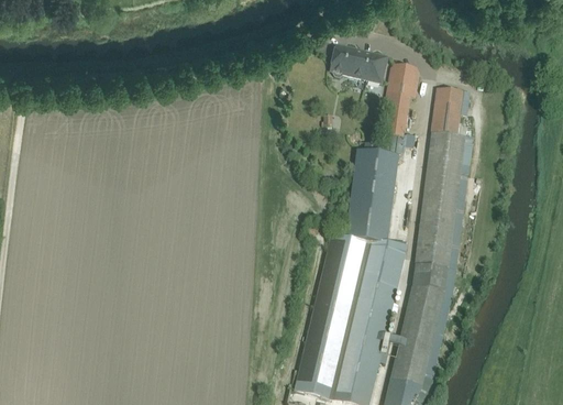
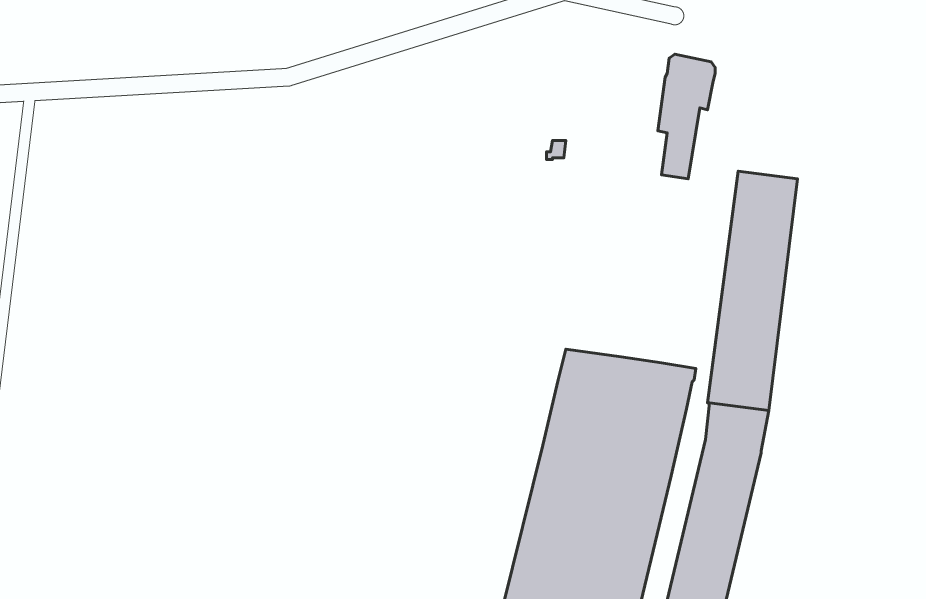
building: [330,44,385,83] -> none
building: [430,89,470,138] -> none
building: [345,135,405,242] -> none

